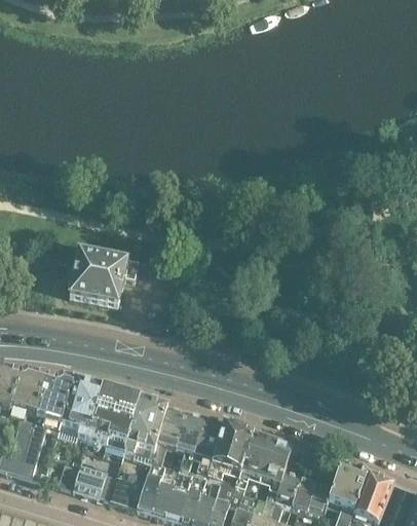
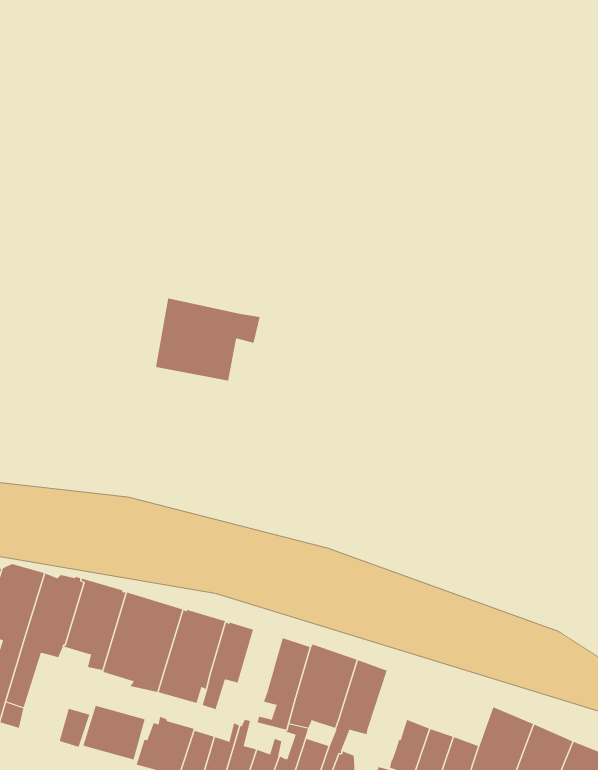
building: [71,253,140,307] -> [155,298,260,381]
building: [176,414,204,475] -> none
building: [260,441,293,492] -> none

